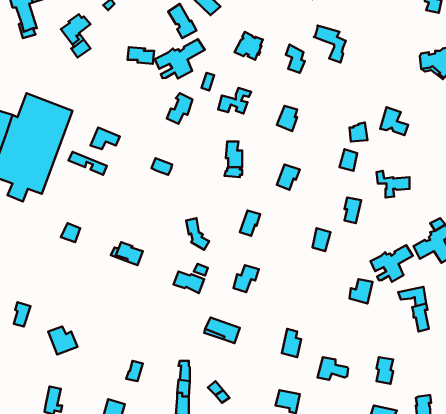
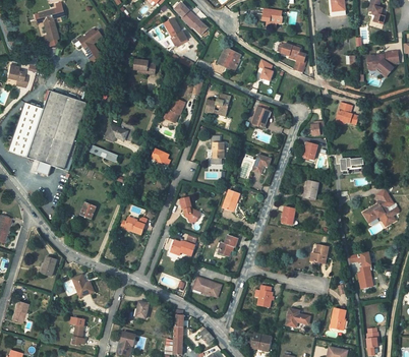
building: [155,39,205,79] -> none
building: [370,245,413,282] -> none

